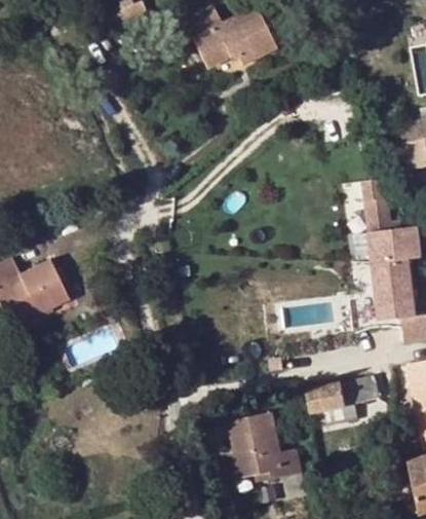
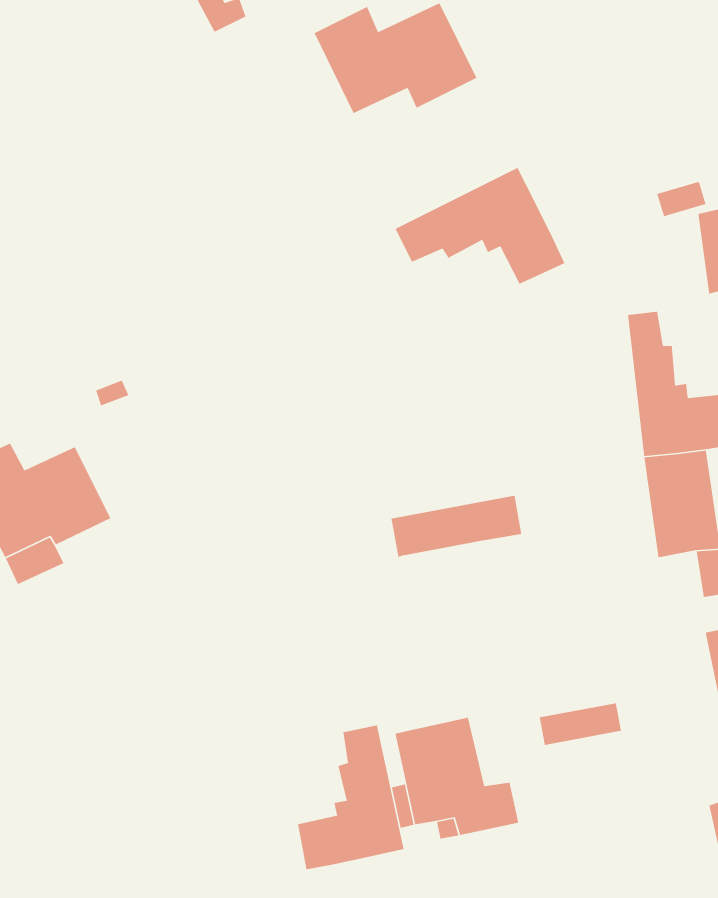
building: none -> [395,167,565,285]
building: [305,377,380,413] -> [391,495,522,558]
building: none -> [297,724,405,870]

